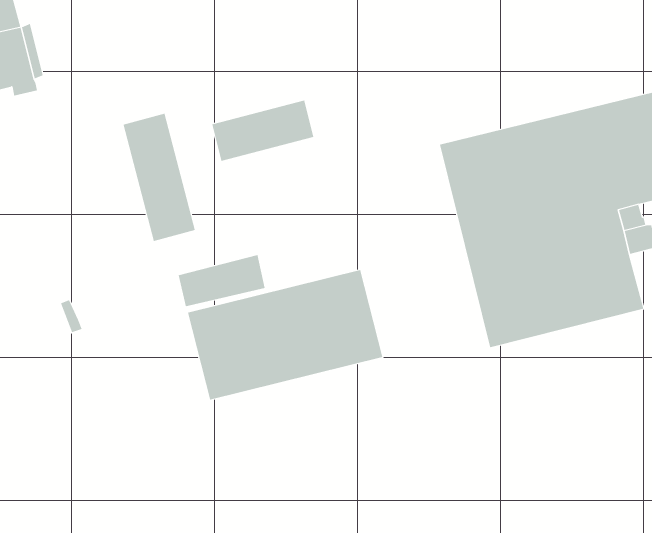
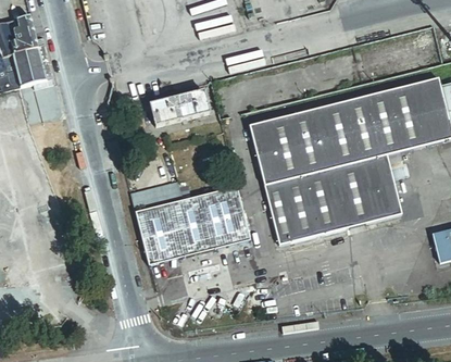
building: [123,113,196,242] -> none
building: none -> [250,115,312,242]

